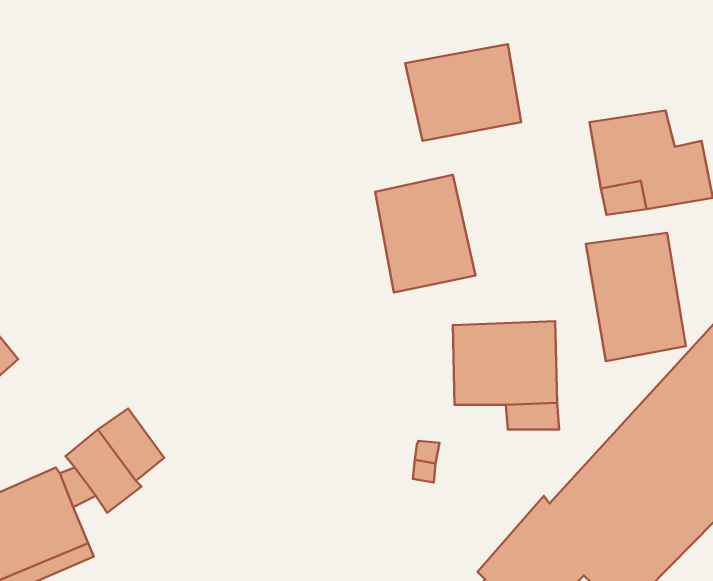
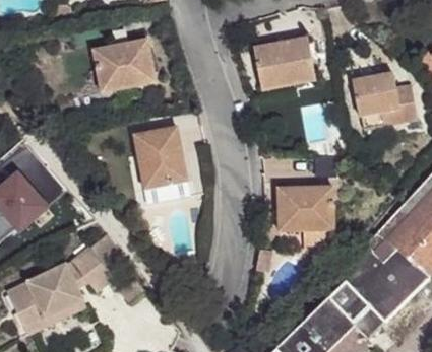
building: none -> [94,40,156,91]
building: [375,175,476,292] -> [134,126,188,189]
building: [586,233,686,361] -> none

